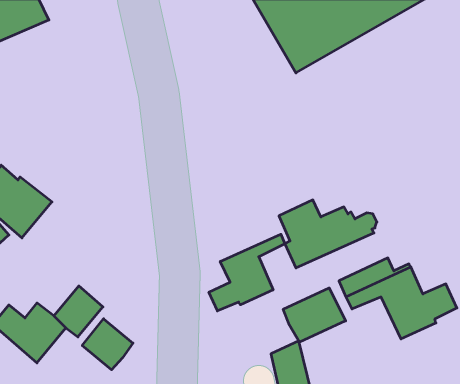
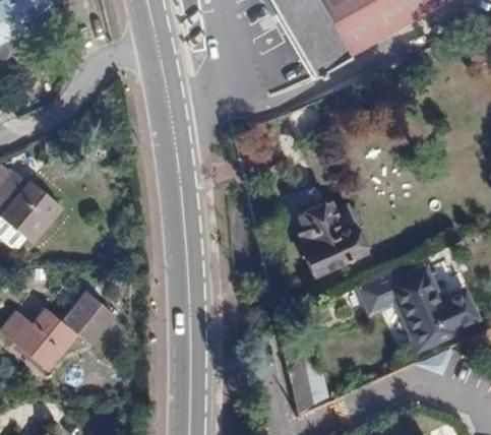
building: [209,234,285,311] -> none
building: [283,288,346,342] -> none
building: [82,319,133,370] -> none

